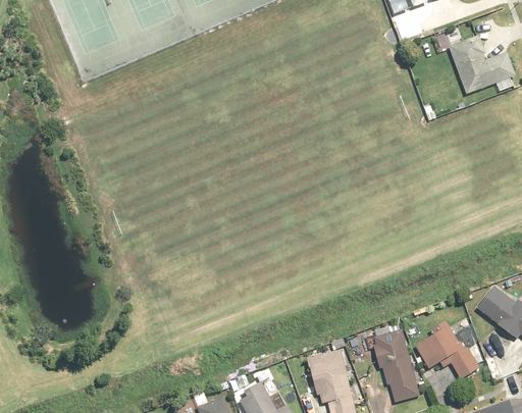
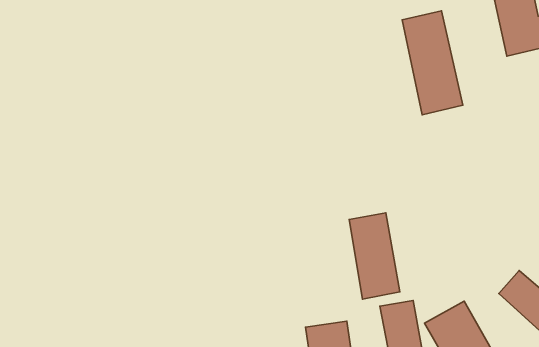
building: none -> [402,11,463,115]
building: none -> [349,213,400,299]

